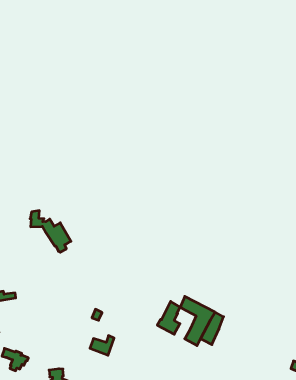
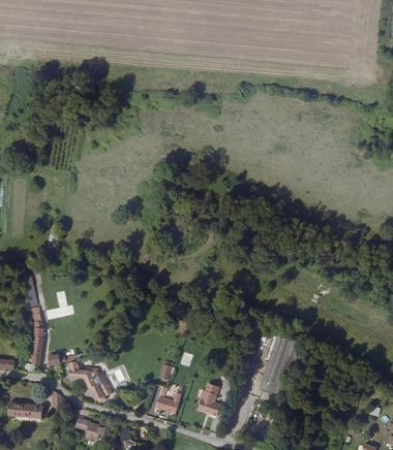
building: [30,211,71,252] -> [68,359,113,401]
building: [157,301,180,334] -> [193,382,217,416]

